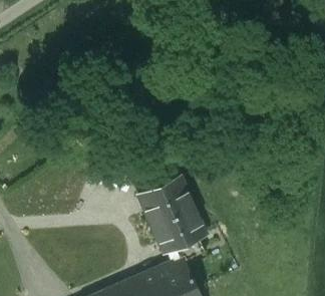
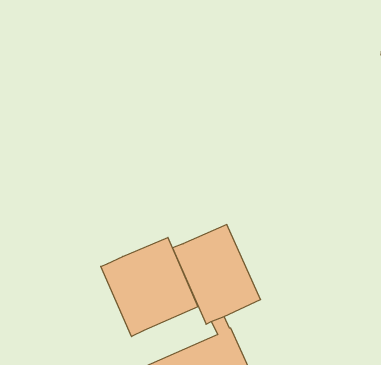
building: none -> [101,237,198,337]

